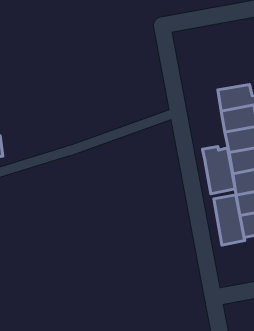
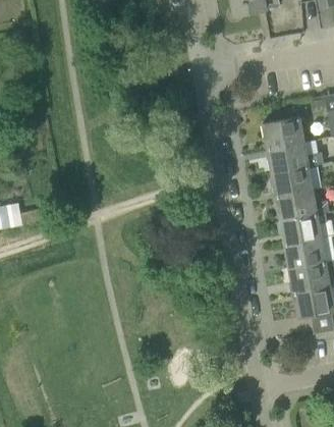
building: none -> [263,116,304,148]
building: [203,146,235,194] -> none
building: [214,195,245,245] -> none

